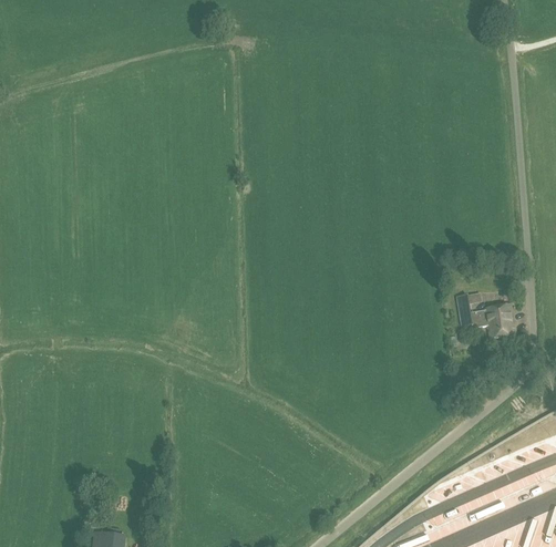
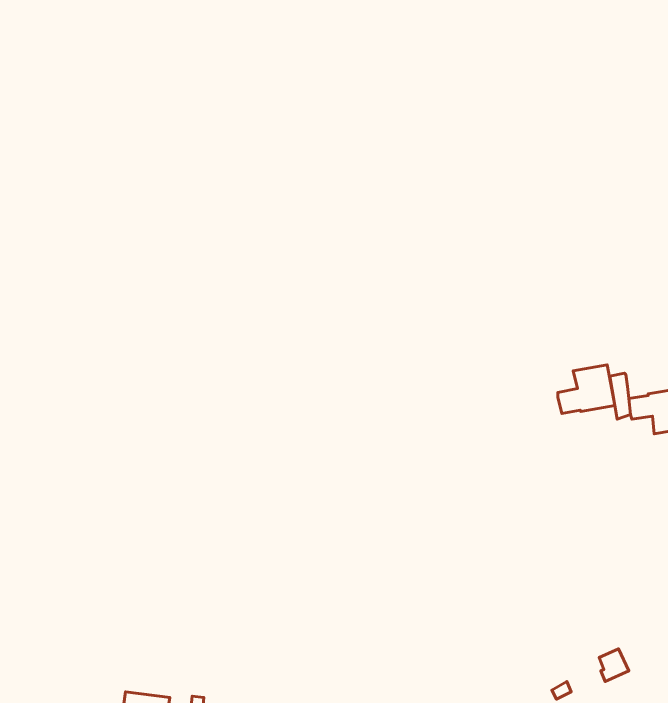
building: none -> [558,365,615,413]

